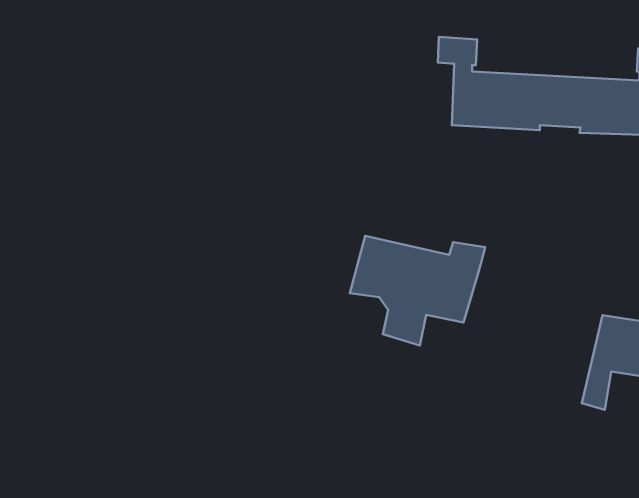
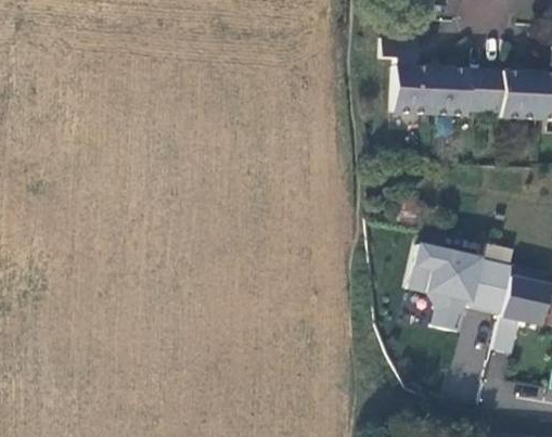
building: [350,236,485,346] -> [408,239,523,332]

